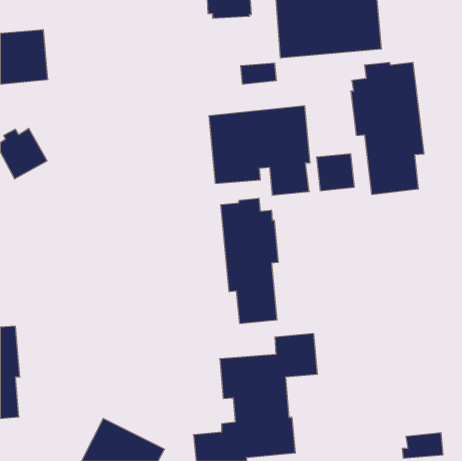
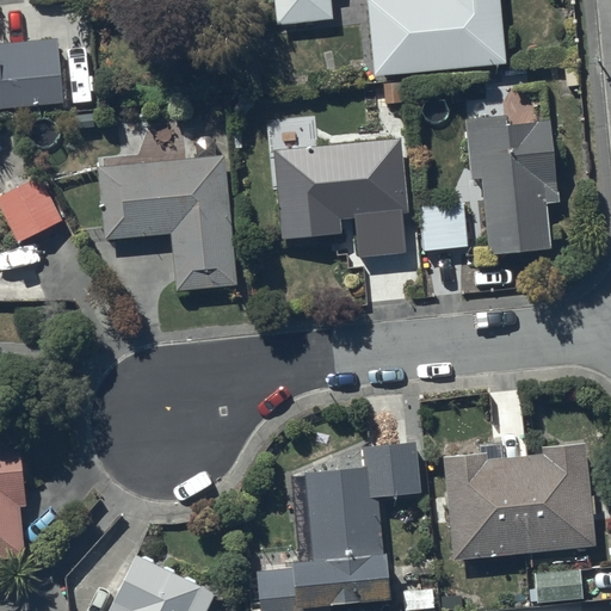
building: none -> [98,156,237,290]
building: [221,198,278,324] -> none
building: none -> [443,439,594,558]

